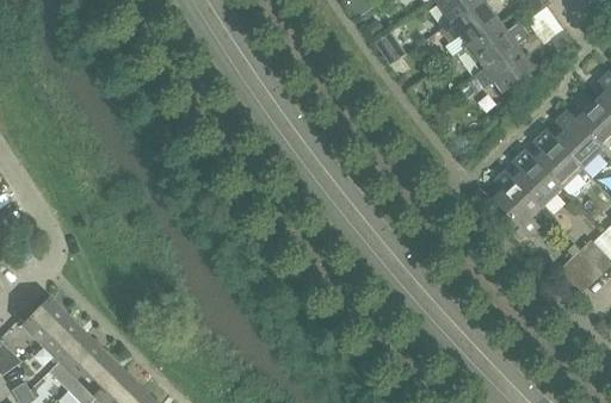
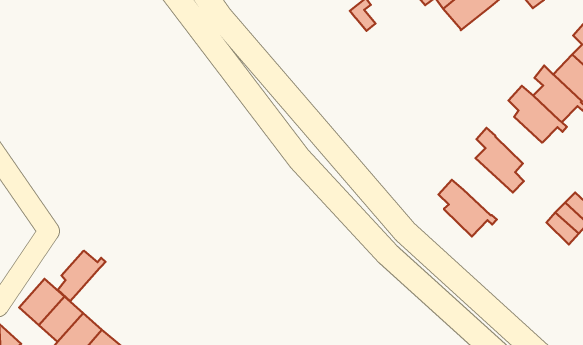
building: [474,48,533,94] -> none
building: [508,150,566,209] -> [439,180,497,236]
building: none -> [58,251,105,301]

